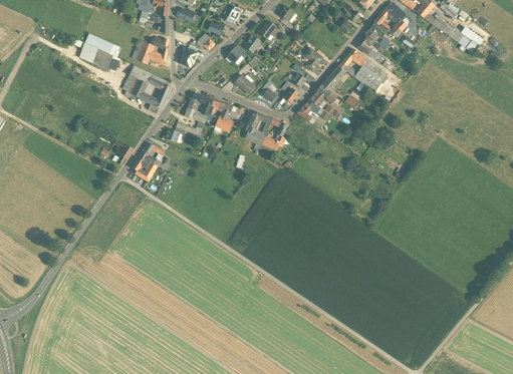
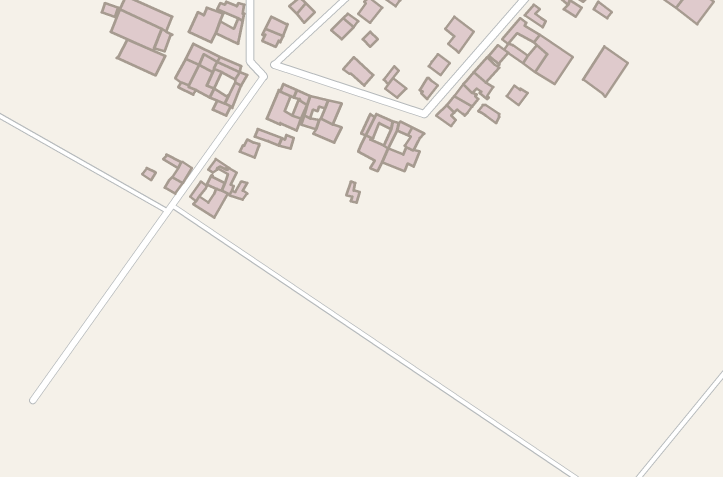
building: none -> [117,39,165,75]
building: none -> [583,46,628,97]

